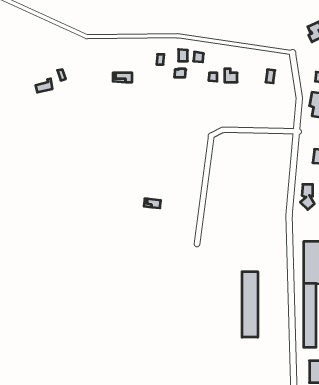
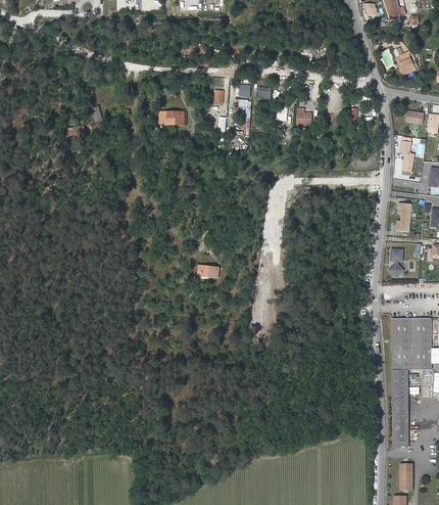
building: [242,272,258,337] -> none

